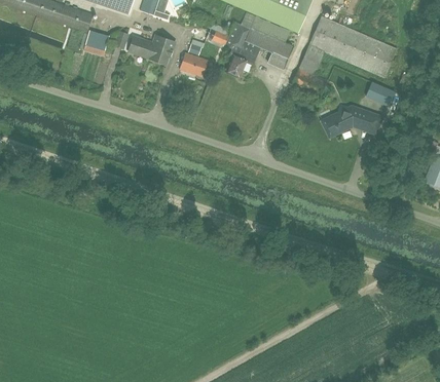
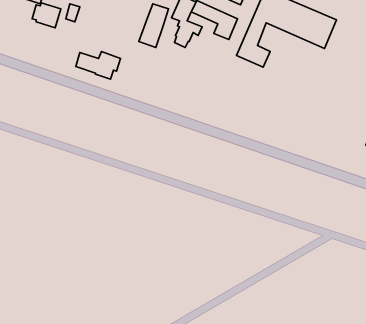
building: [127,35,174,64] -> [76,52,120,79]
building: [365,81,395,106] -> none
building: [322,106,379,136] -> none

